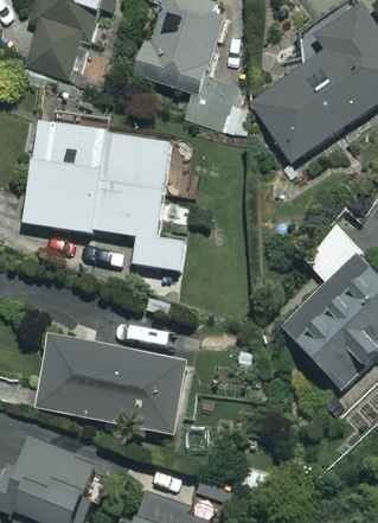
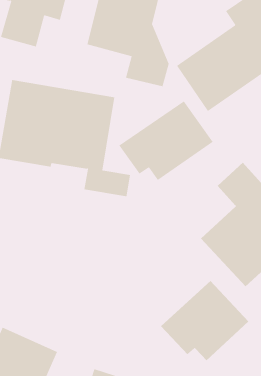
building: none -> [119,100,214,181]
building: [32,317,184,433] -> none
building: none -> [160,280,249,361]

